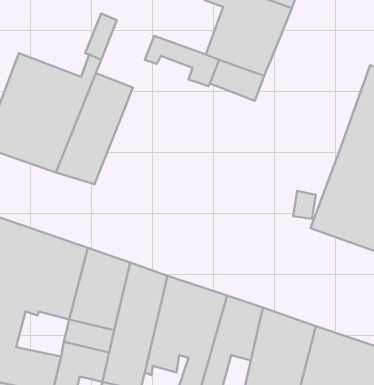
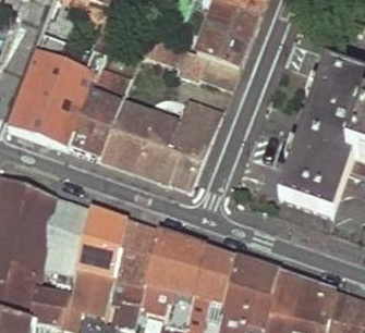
building: none -> [98,99,221,188]

